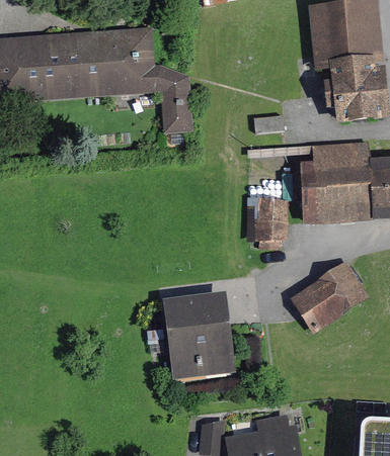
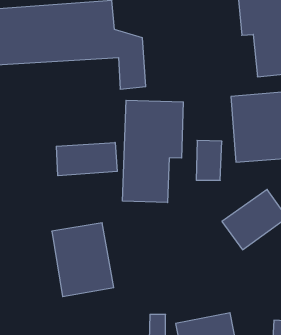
building: none -> [123,100,183,203]
building: none -> [56,142,117,176]
building: [157,292,233,382] -> [52,223,114,297]

